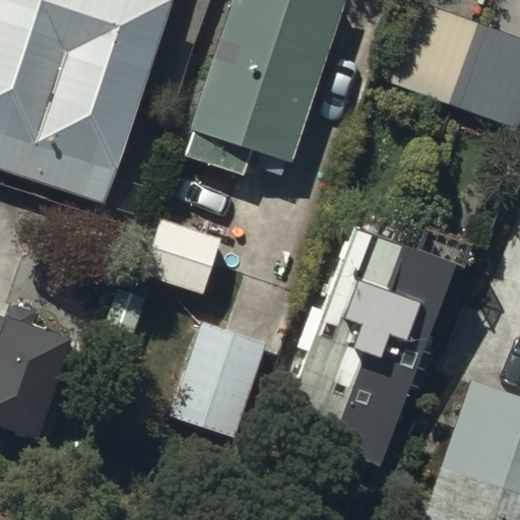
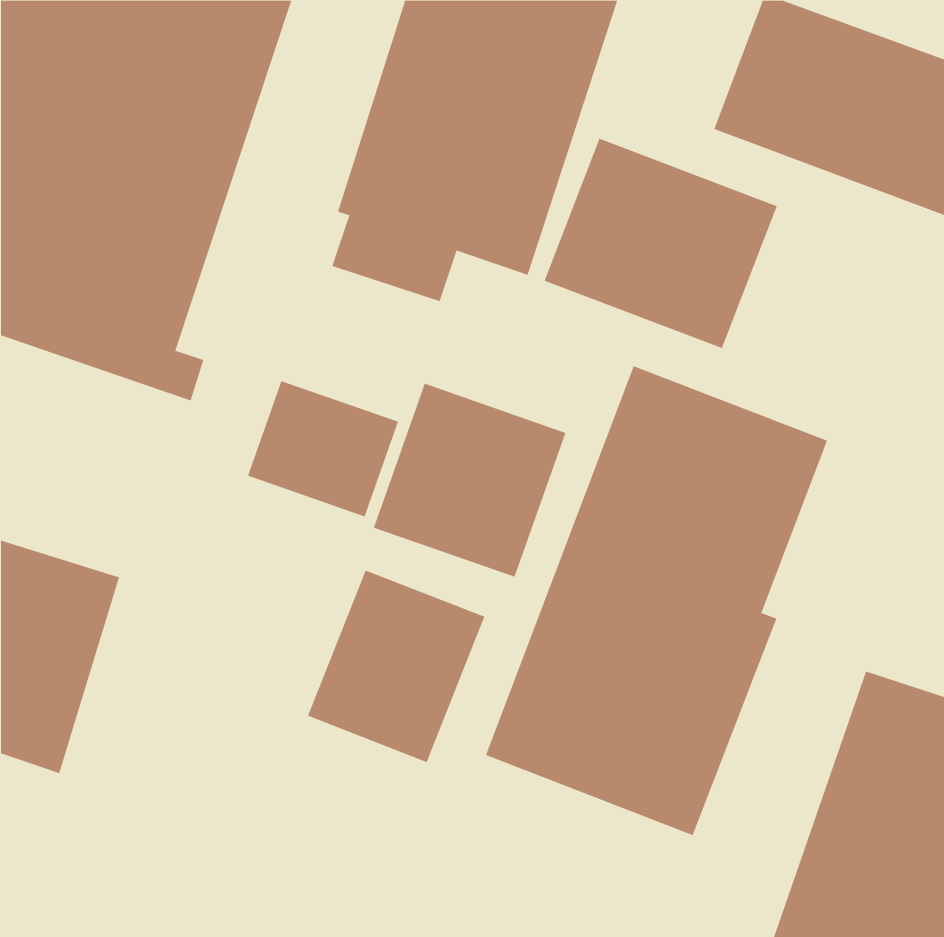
building: none -> [544,138,777,349]
building: none -> [373,383,566,578]

